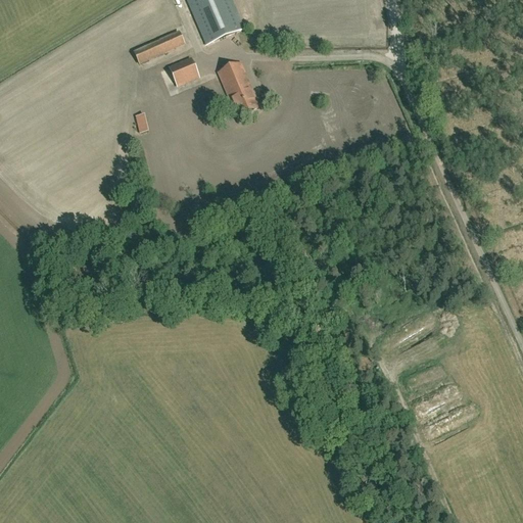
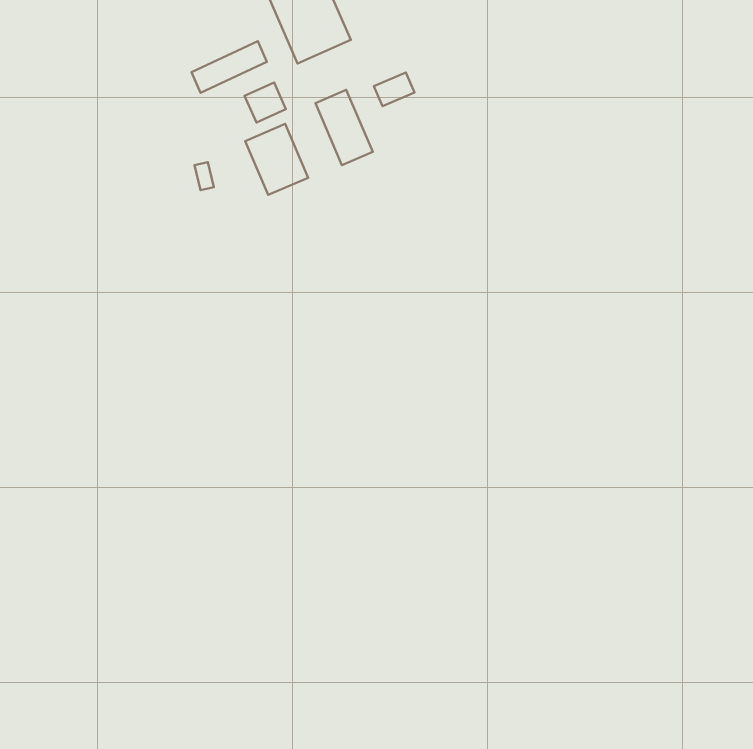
building: none -> [374,72,414,106]
building: none -> [245,124,308,195]

